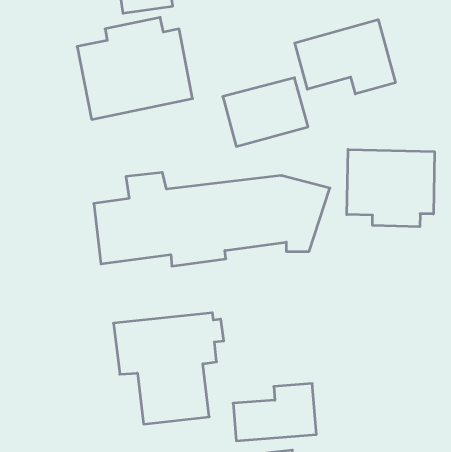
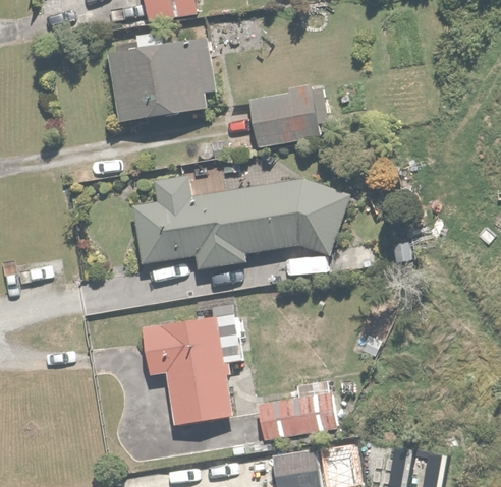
building: [295,20,395,94] -> none
building: [347,149,434,227] -> none

